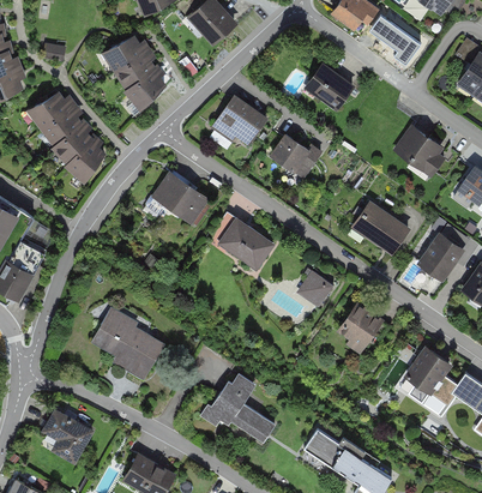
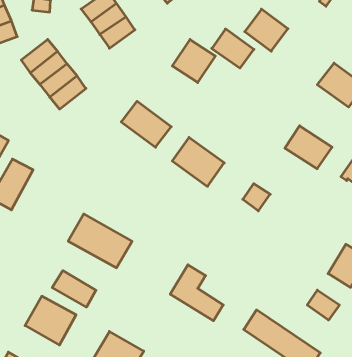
building: [265,131,317,179] -> [212,29,254,68]
building: [339,302,390,348] -> none
building: none -> [52,271,96,307]
building: none -> [307,290,339,320]

